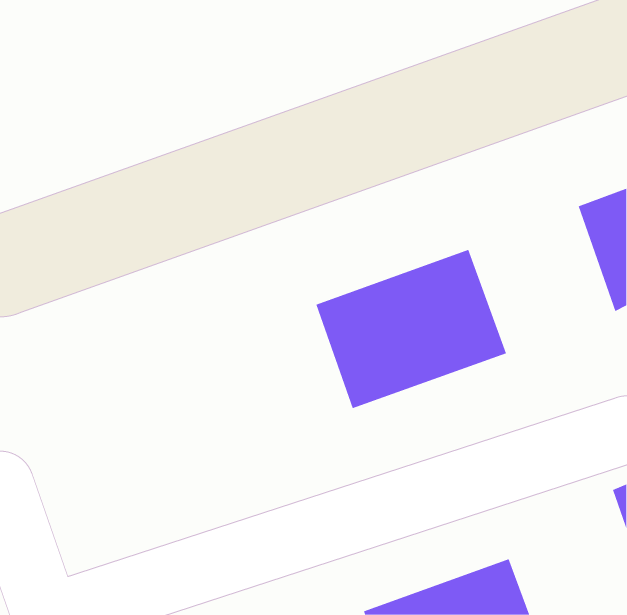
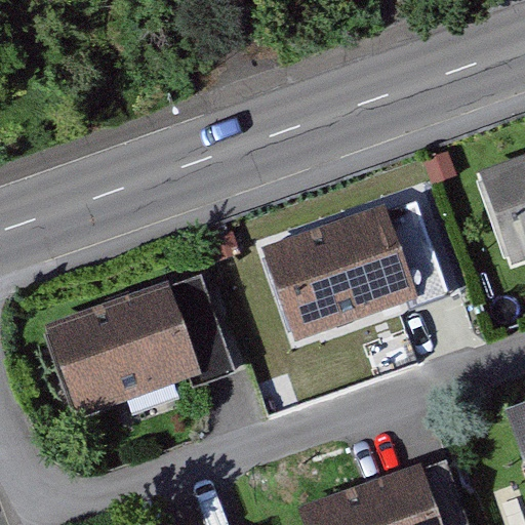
building: none -> [43,282,203,413]

